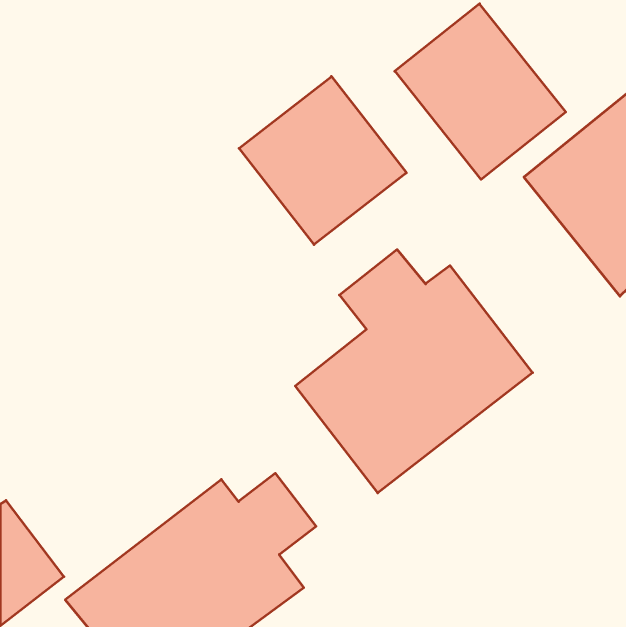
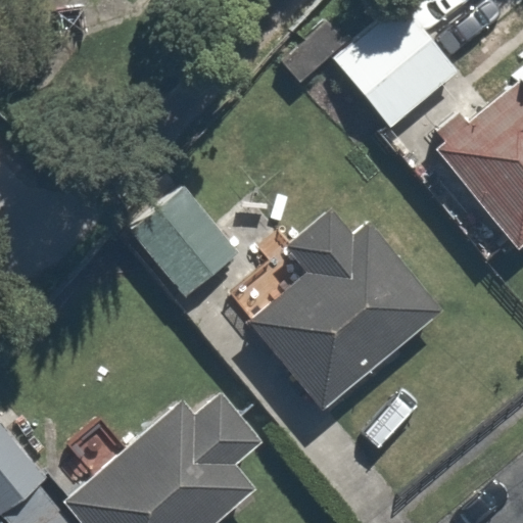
building: [239,76,406,245] -> none
building: none -> [127,184,238,300]

